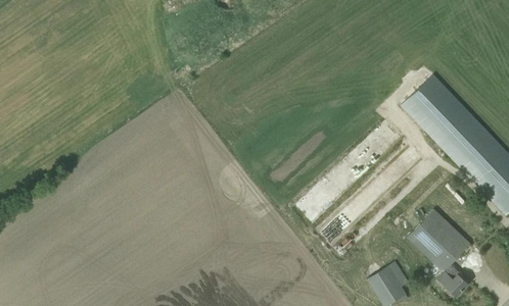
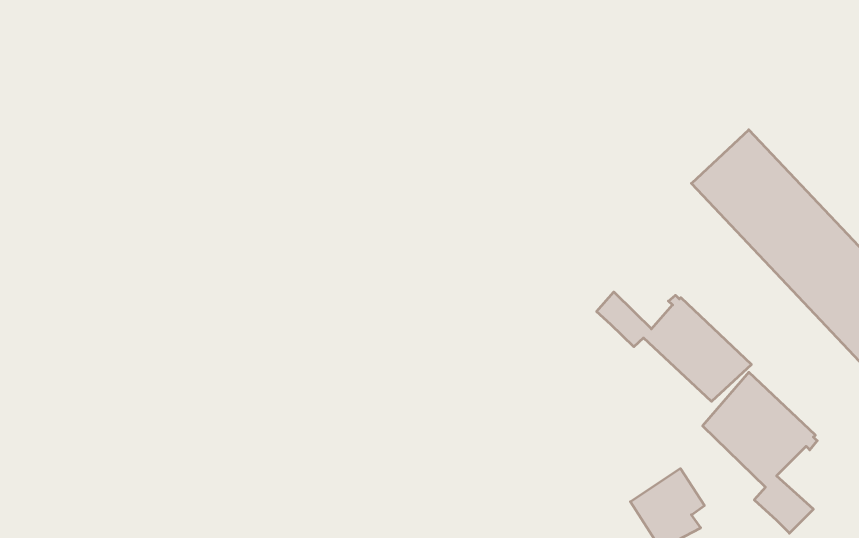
building: none -> [597,292,751,401]

